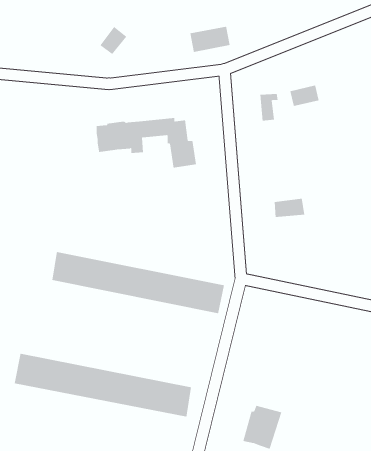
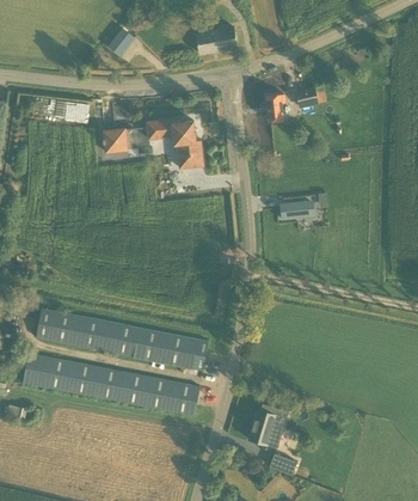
building: [51,251,225,314] -> [36,308,208,371]

